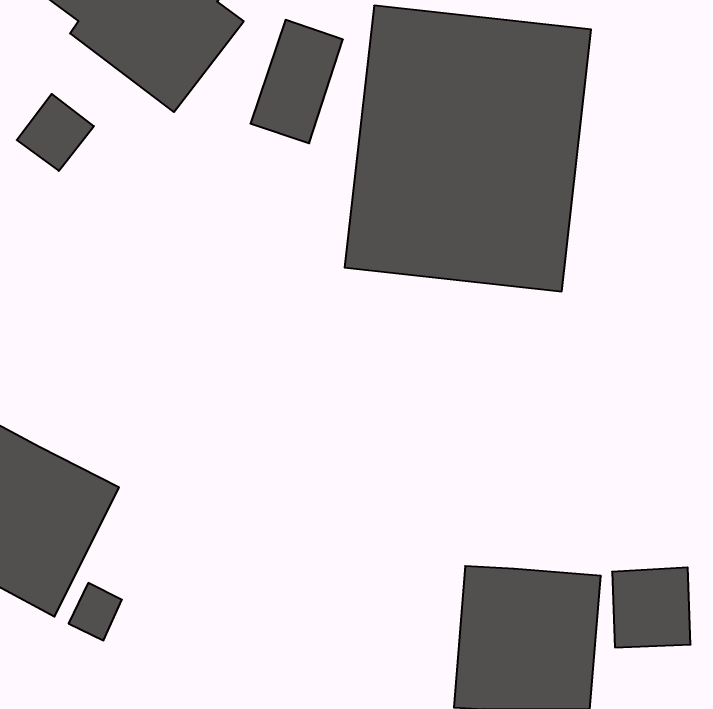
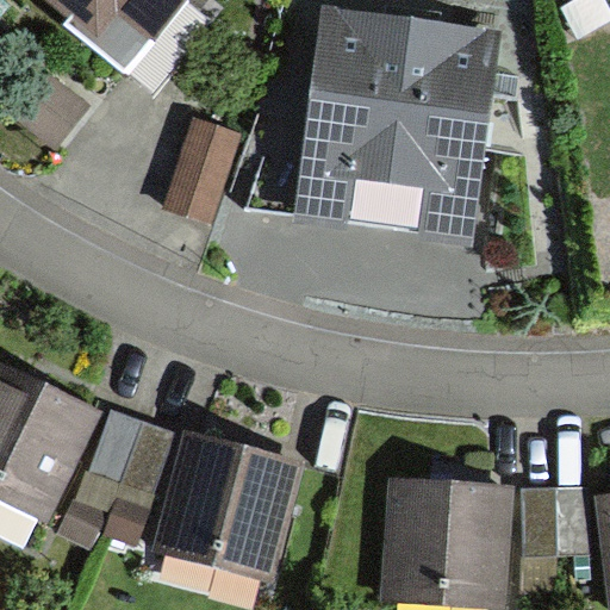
building: [250,20,343,143] -> [160,118,238,223]
building: none -> [87,405,173,490]
building: none -> [150,429,304,581]

